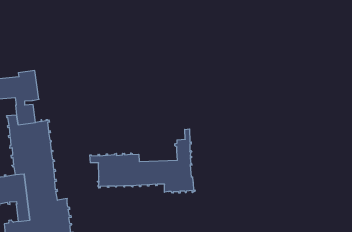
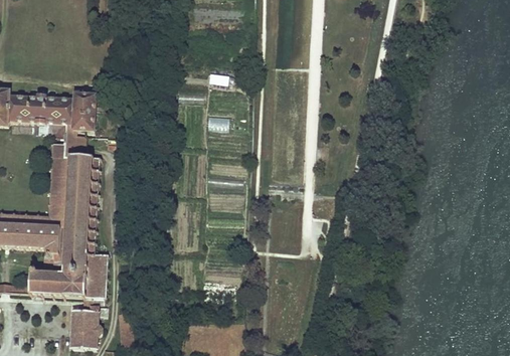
building: [90,129,195,193] -> none

